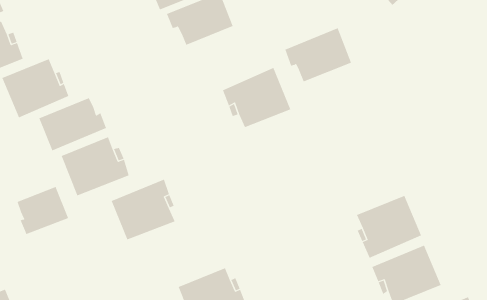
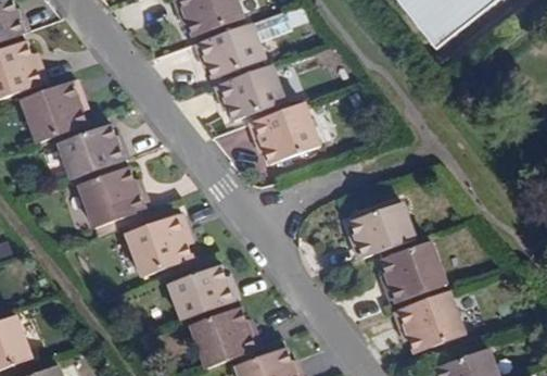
building: [284,28,352,82] -> [216,64,284,118]
building: none -> [348,204,414,260]
building: [17,186,69,235] -> none
building: none -> [171,264,240,317]

